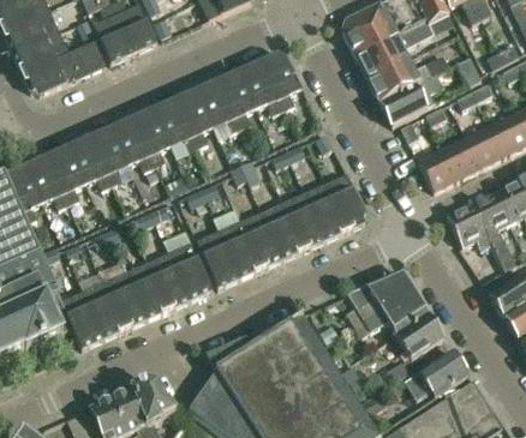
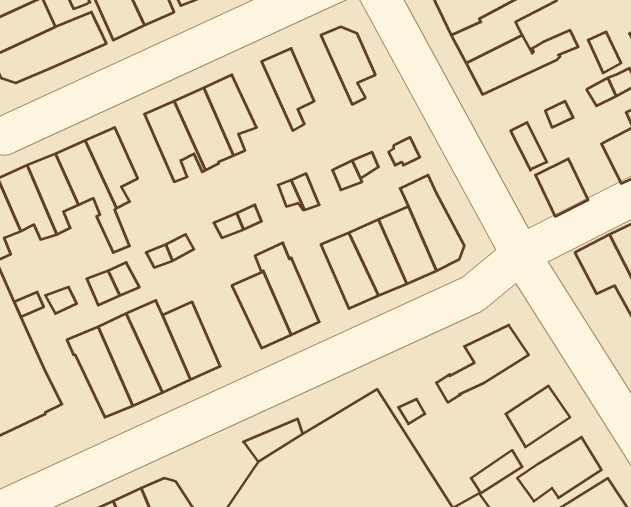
building: [240,58,285,113] -> none
building: [379,73,442,125] -> none
building: [197,77,241,132] -> none
building: [112,115,155,169] -> none
building: [442,137,480,178] -> none
building: [240,210,282,266] -> none
building: [168,242,210,299] -> none
building: [60,290,104,347] -> none
building: [354,290,428,335] -> none

